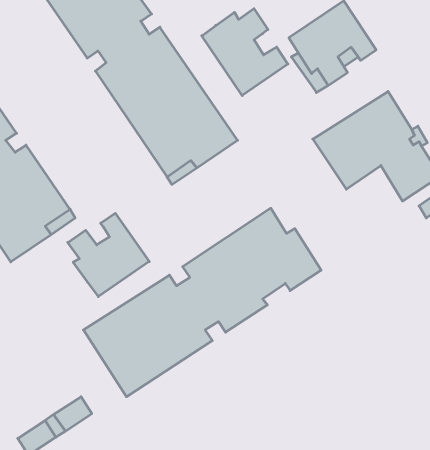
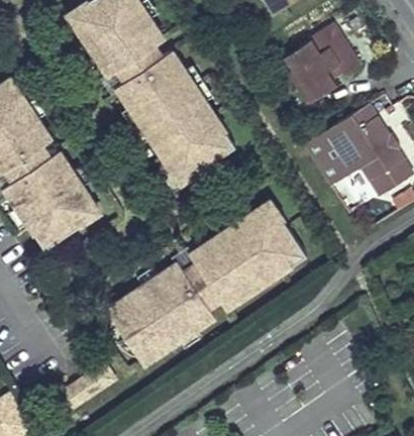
building: [202,9,288,96] -> none
building: [68,213,149,297] -> none

